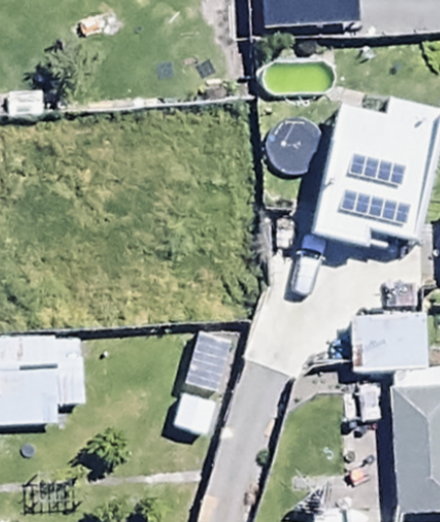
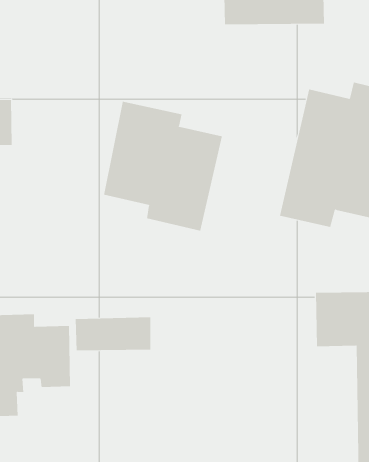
building: none -> [104,101,222,232]

